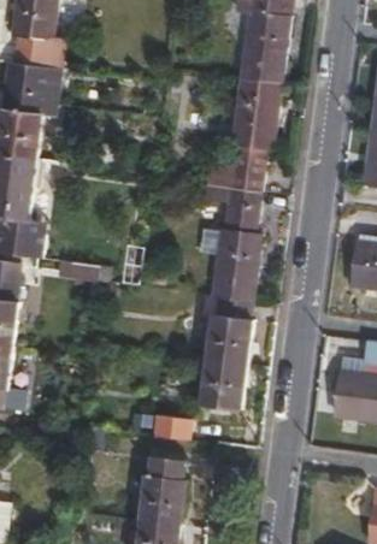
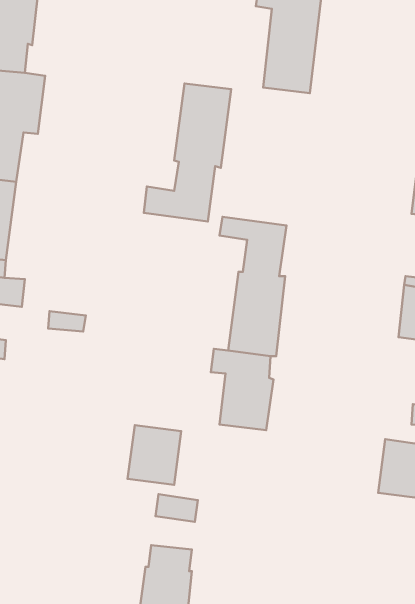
building: [208,78,281,193] -> [144,83,231,221]
building: [200,357,245,407] -> [128,425,181,485]

